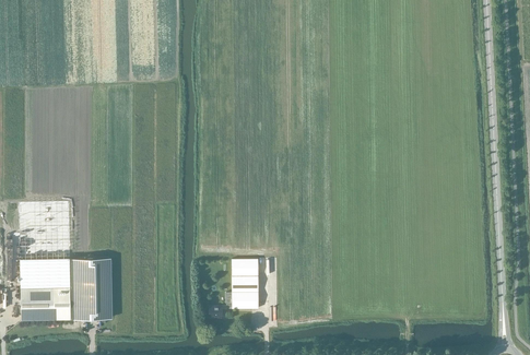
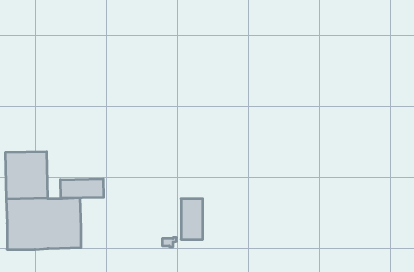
building: none -> [60,179,104,198]

